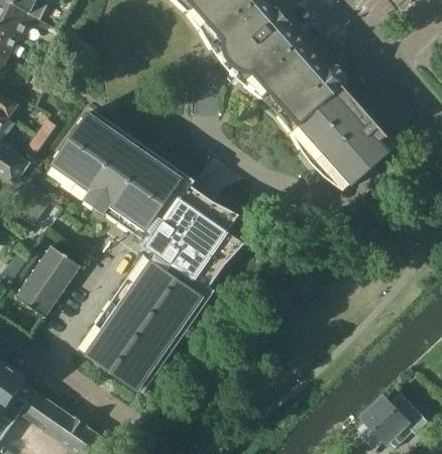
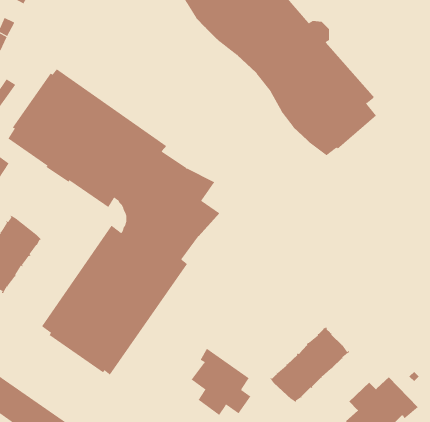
building: none -> [270,326,350,403]
building: none -> [191,348,251,416]

